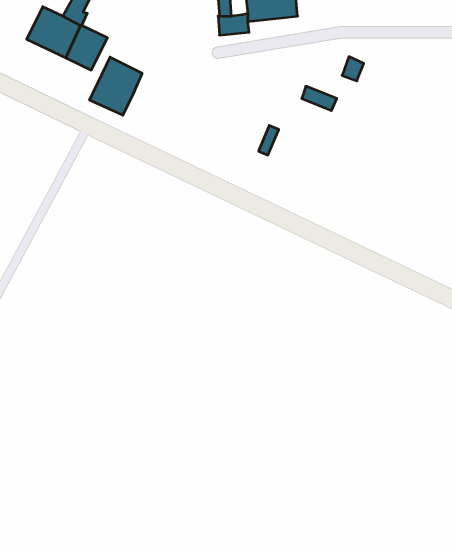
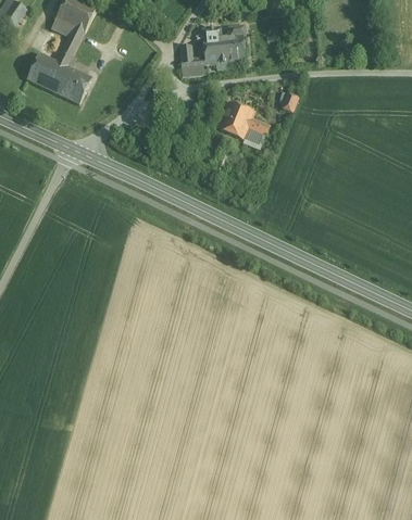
building: [90,57,142,115] -> none
building: none -> [220,102,253,137]

